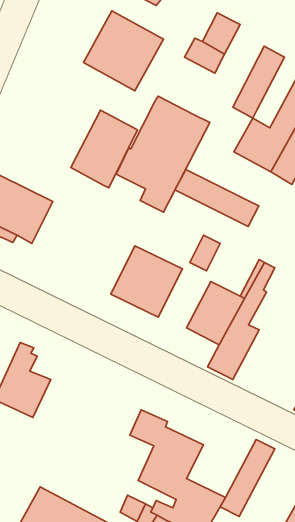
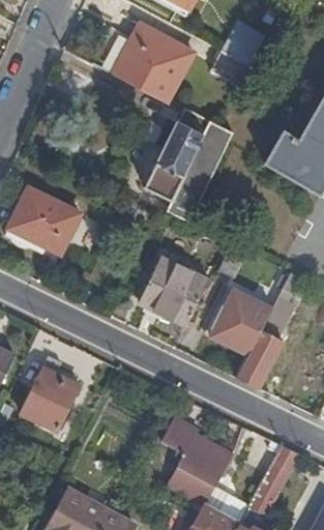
building: [233,46,284,118] -> none
building: [71,110,138,188] -> none
building: [175,169,259,227] -> none

